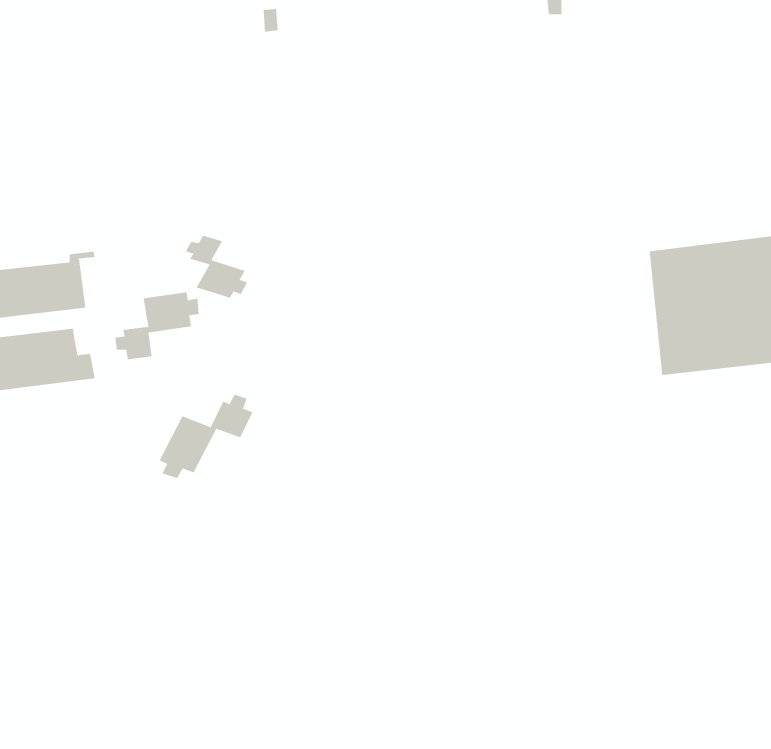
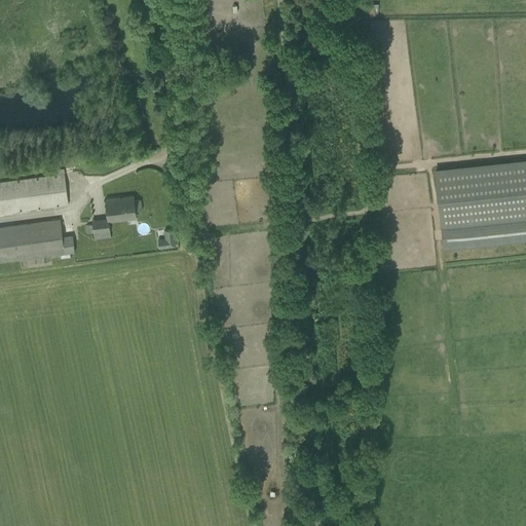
building: [185,235,248,299] -> none
building: [159,394,253,479] -> none

